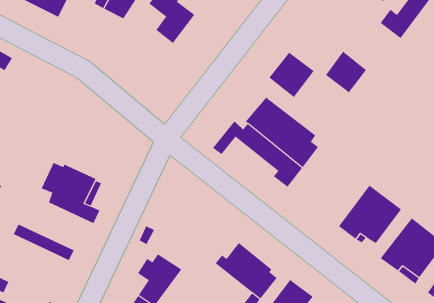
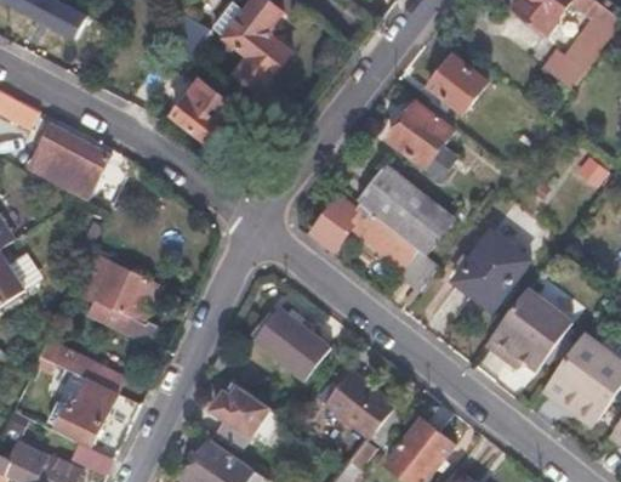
building: none -> [172,80,237,144]
building: [325,51,367,93] -> [429,55,486,113]
building: none -> [33,124,110,195]
building: none -> [454,231,531,311]
building: none -> [251,304,329,379]
building: none -> [55,378,115,441]

